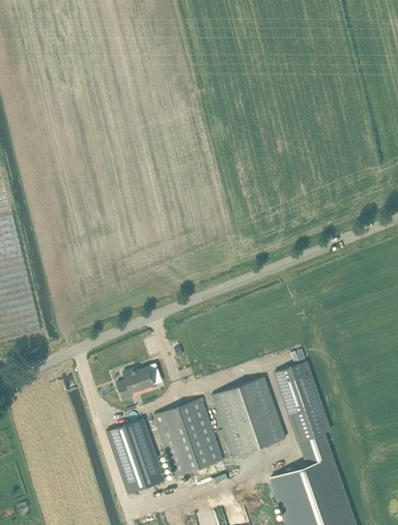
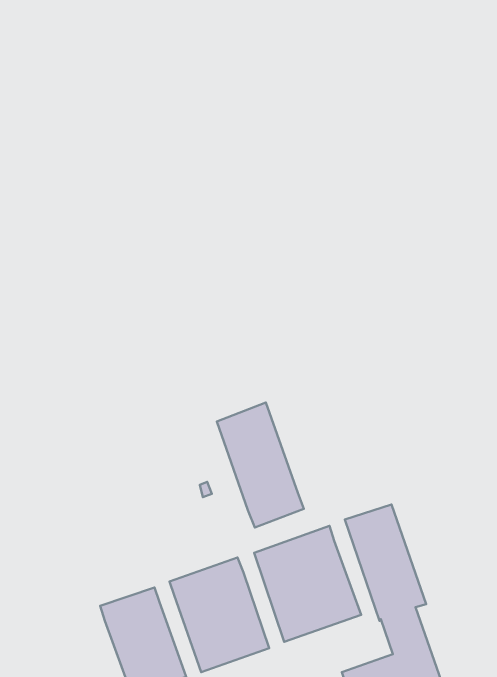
building: none -> [217,402,304,528]
building: [117,367,153,399] -> none

